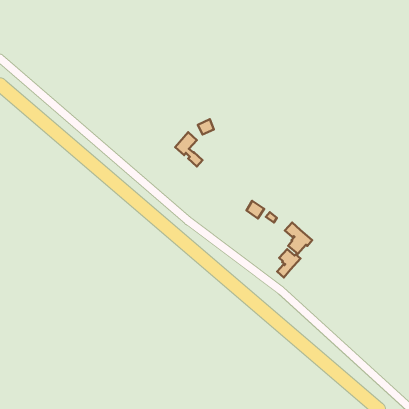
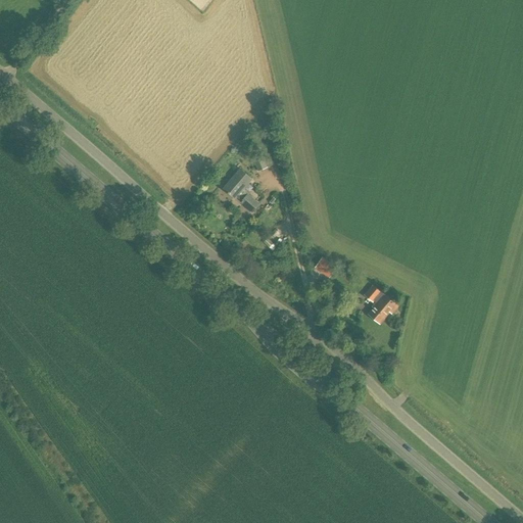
building: [277,249,300,277] -> none

